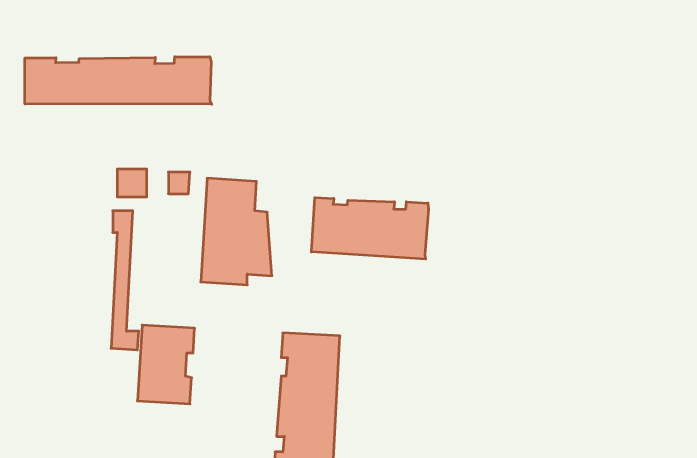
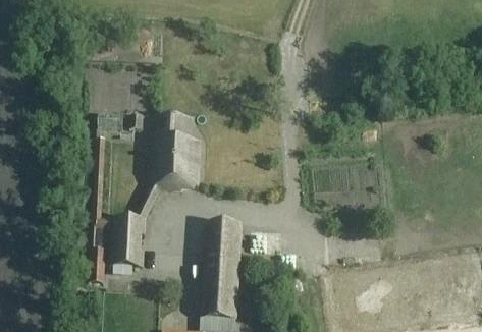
building: [25,57,212,104] -> none
building: [311,198,428,259] -> none

